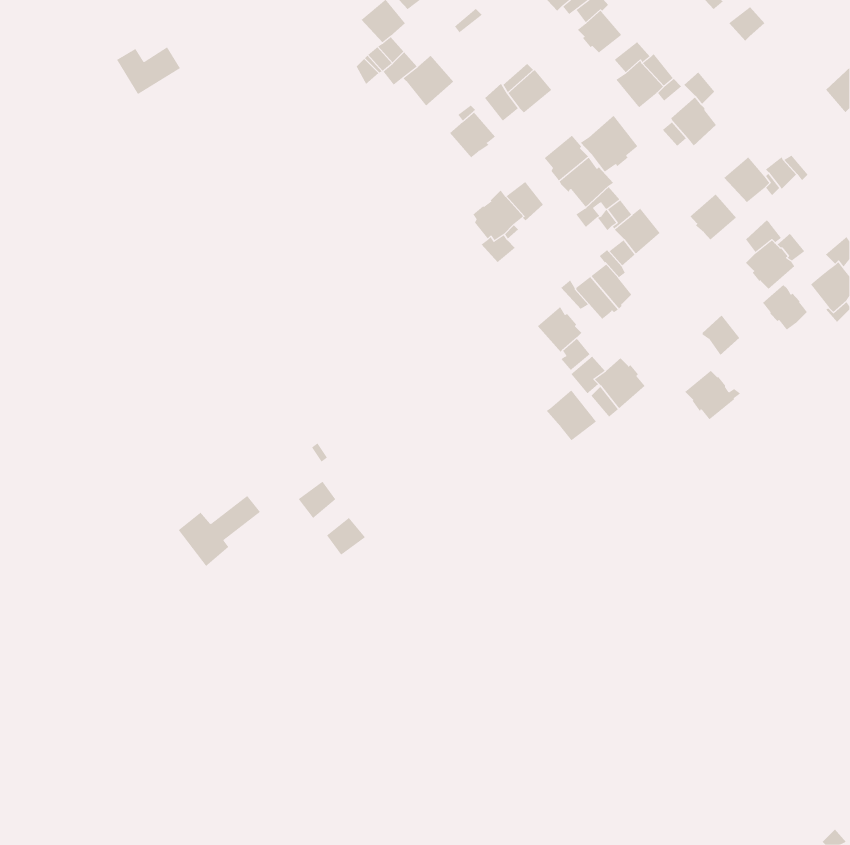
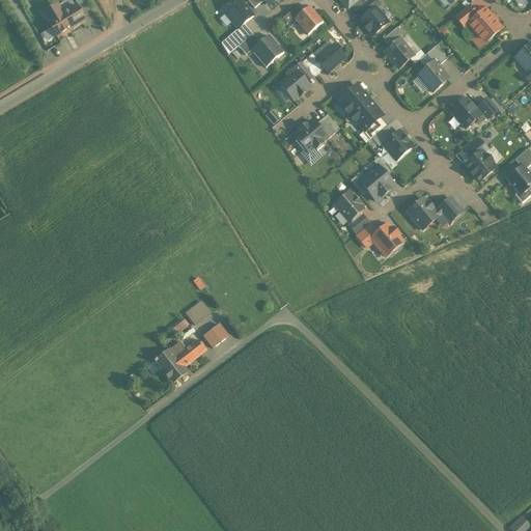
building: none -> [295,5,323,33]
building: none -> [468,8,501,41]
building: [116,46,181,95] -> [44,5,84,35]
building: [580,115,638,172] -> none
building: [689,193,737,241] -> none
building: [762,284,808,330] -> none
building: [684,370,741,420] -> [407,197,442,228]
building: [546,389,597,441] -> none
building: [178,495,261,567] -> [153,338,205,383]

